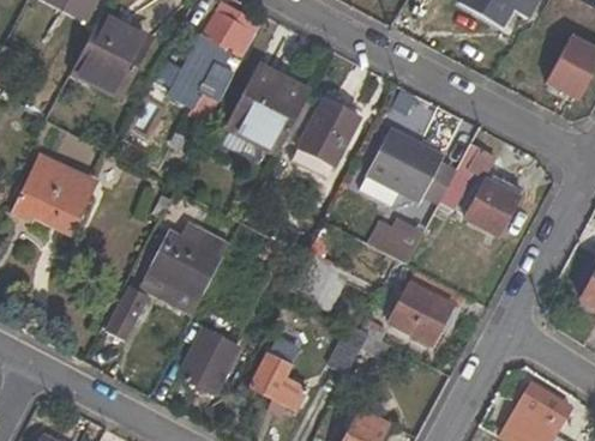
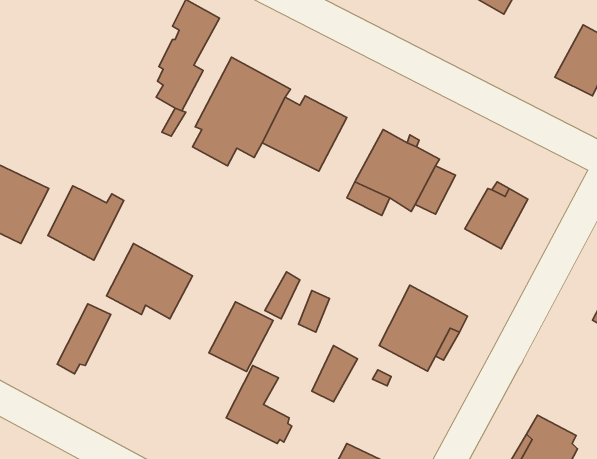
building: [74,18,148,92] -> none
building: [439,143,499,210] -> none
building: none -> [48,186,124,260]
building: [368,218,425,264] -> none
building: [180,330,238,392] -> [209,302,273,371]

